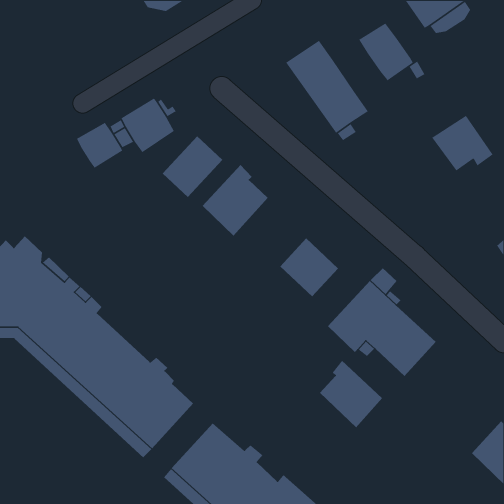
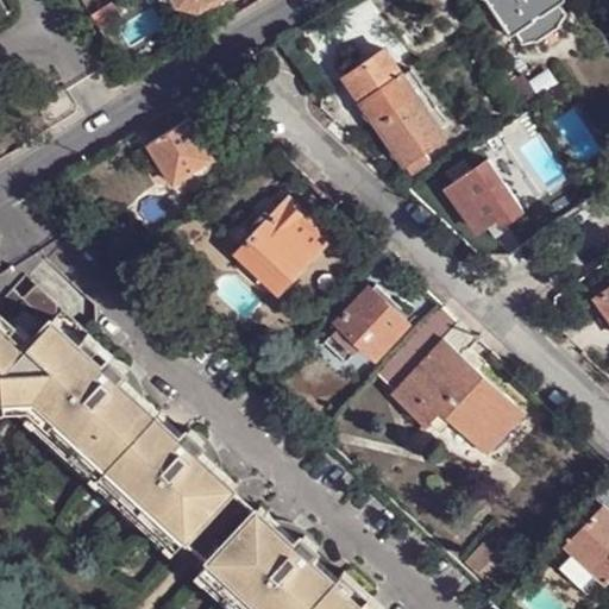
building: [358,22,414,82] -> none
building: [431,115,494,171] -> [445,162,520,230]
building: [76,122,123,169] -> none
building: [162,135,223,198] -> none
building: [319,360,383,428] -> none

